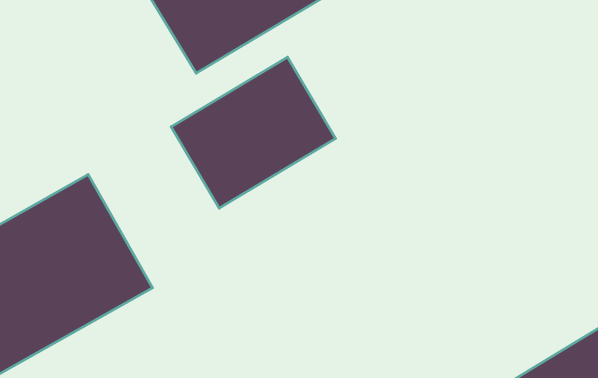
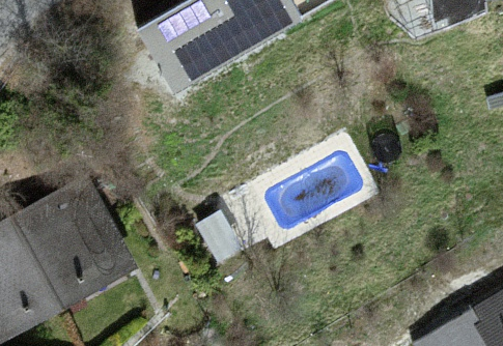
building: [171,57,335,208] -> none

